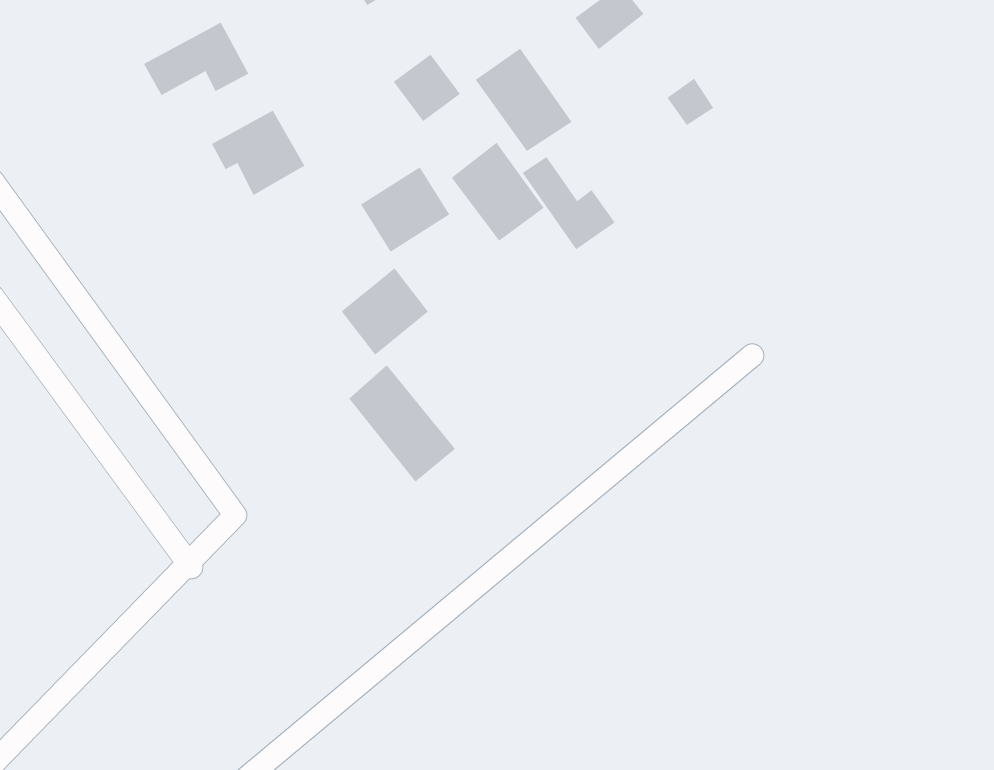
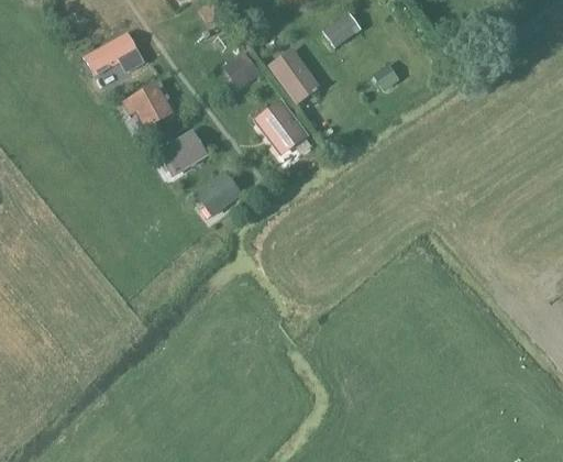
building: [522,156,615,250] -> none
building: [360,167,450,253] -> [158,127,208,174]
building: [348,364,456,483] -> none

